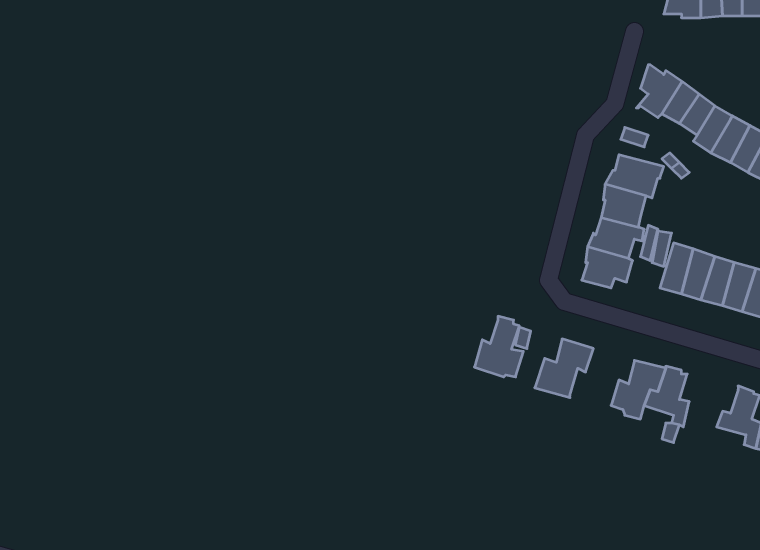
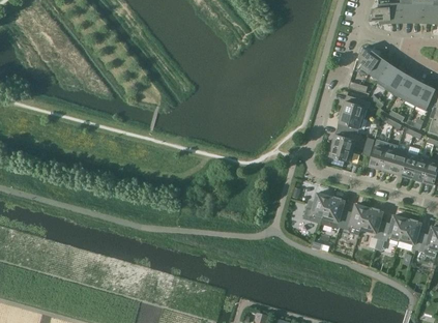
building: [474,316,523,377] -> [321,196,347,228]
building: none -> [381,214,410,241]

